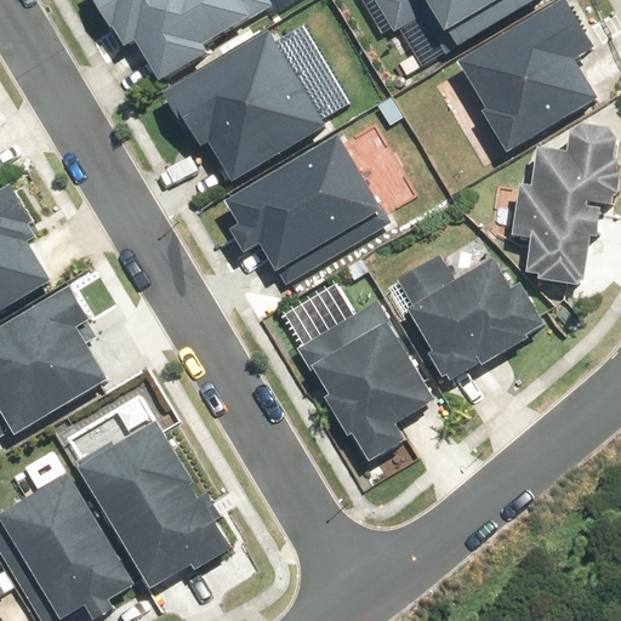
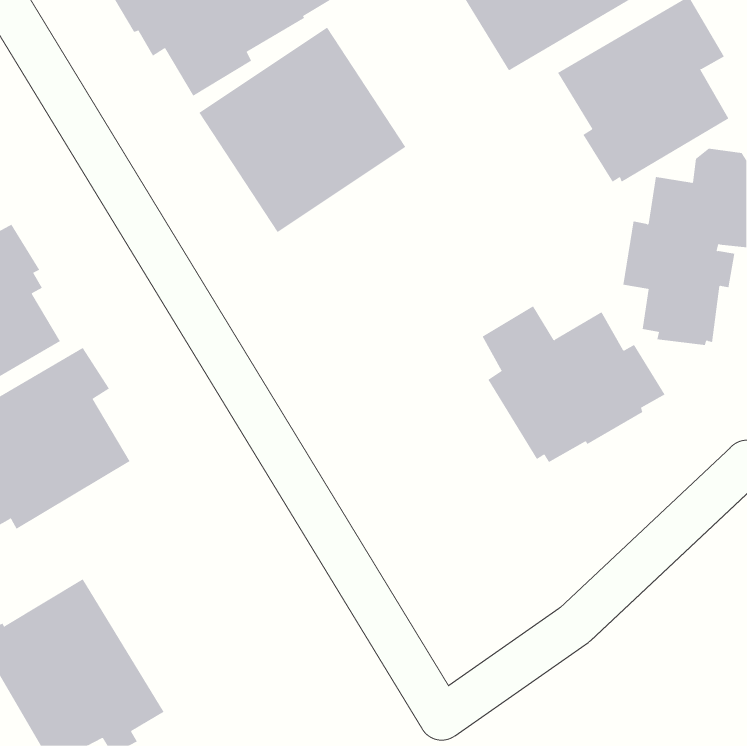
building: [220,126,400,300] -> none
building: [294,297,434,460] -> none
building: [73,420,232,587] -> none

